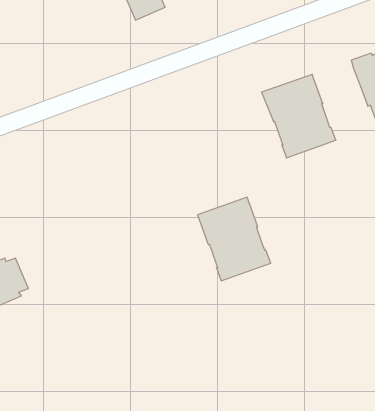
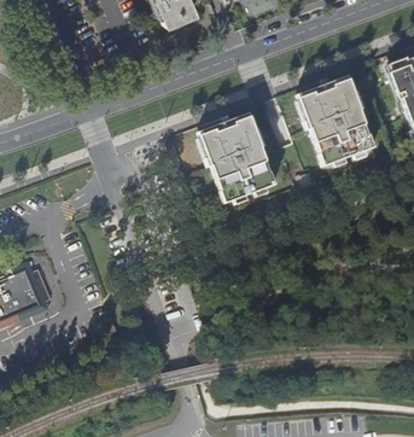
building: [198,197,271,281] -> [196,115,270,200]

